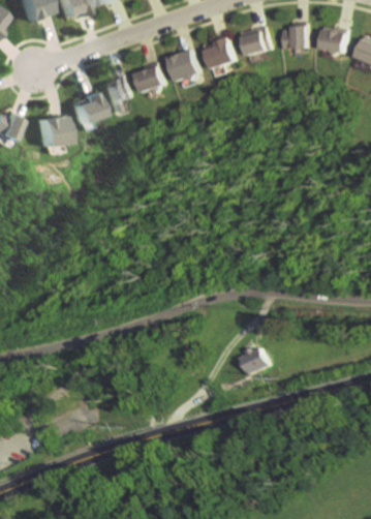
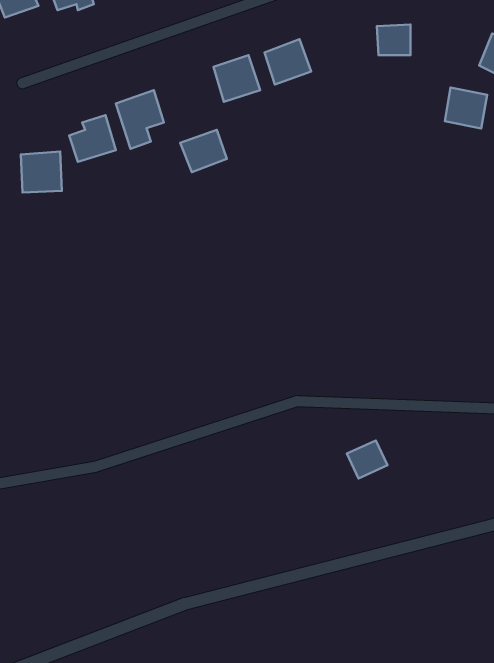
building: [319,26,349,55] -> [445,88,487,128]
building: [240,27,273,57] -> none
building: [132,64,165,94] -> [180,130,227,172]
building: [239,347,268,374] -> [347,440,388,478]

